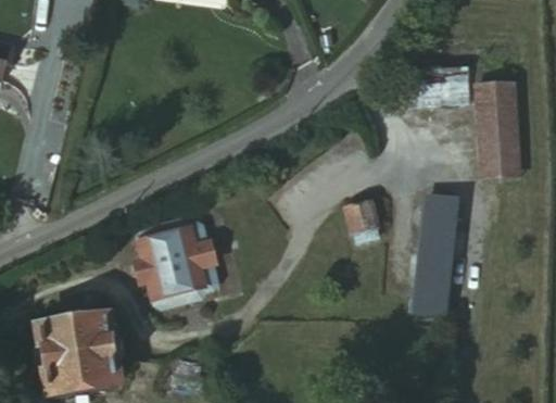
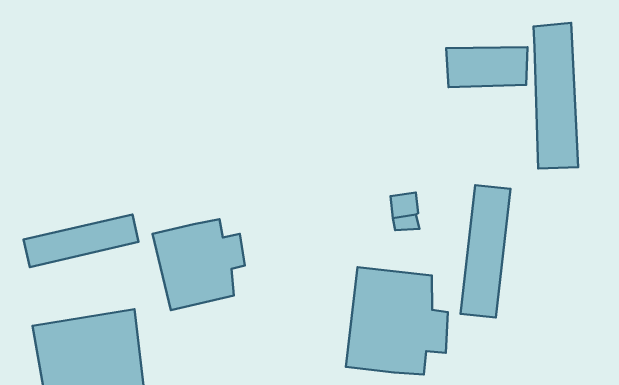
building: none -> [24,214,139,267]
building: none -> [346,267,448,375]

